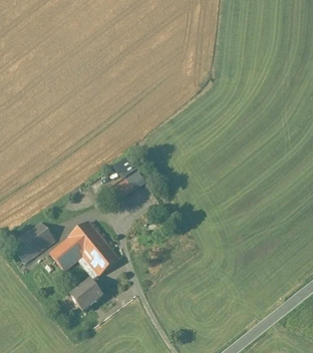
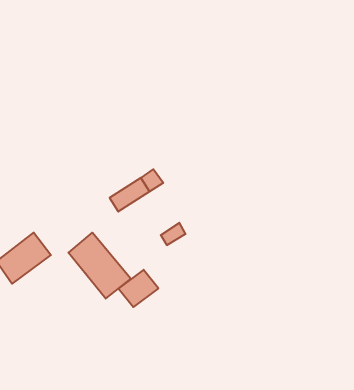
building: [50,237,83,269] -> none
building: [70,280,102,310] -> [119,270,158,307]

